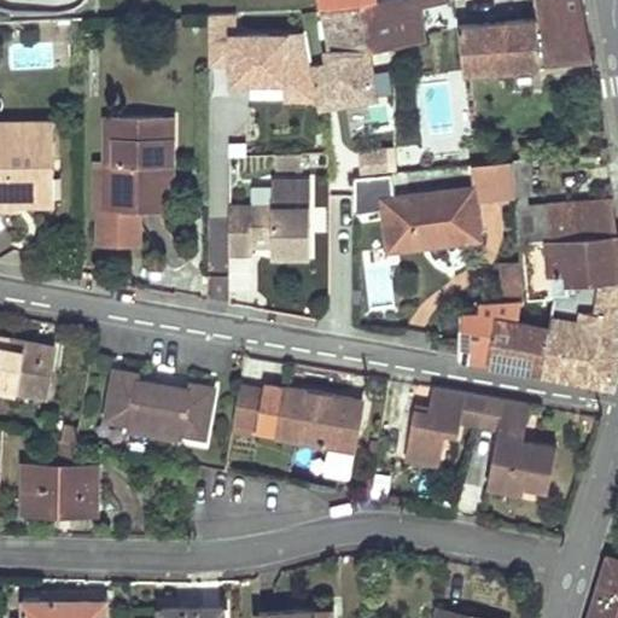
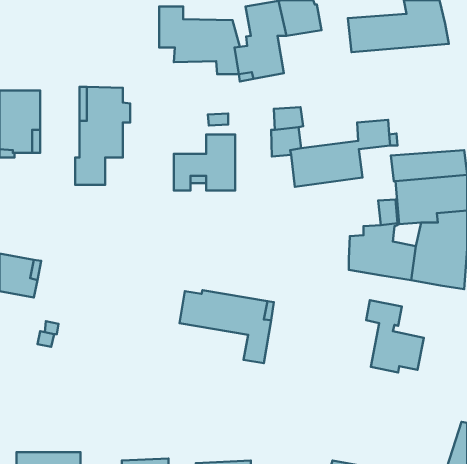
building: [104,374,212,441] -> none
building: [406,390,488,467] -> none
building: [23,466,95,515] -> none

